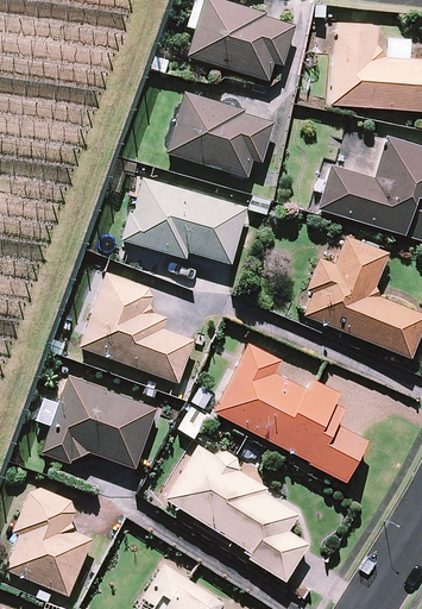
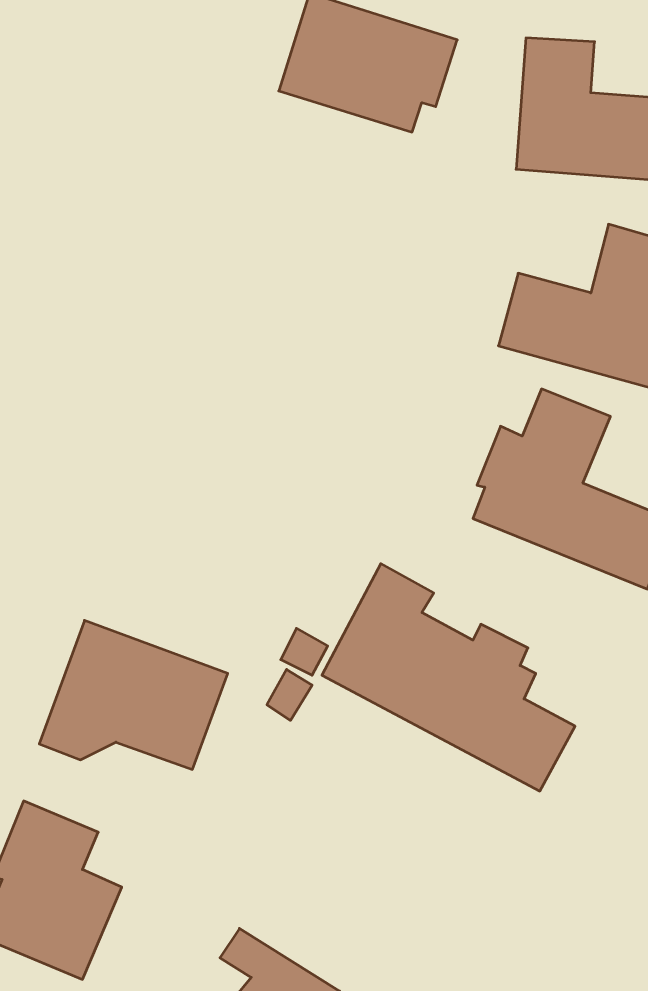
building: [166,93,272,177] -> none
building: [125,178,246,264] -> none
building: [81,274,193,382] -> none
building: [165,442,308,580] -> none

